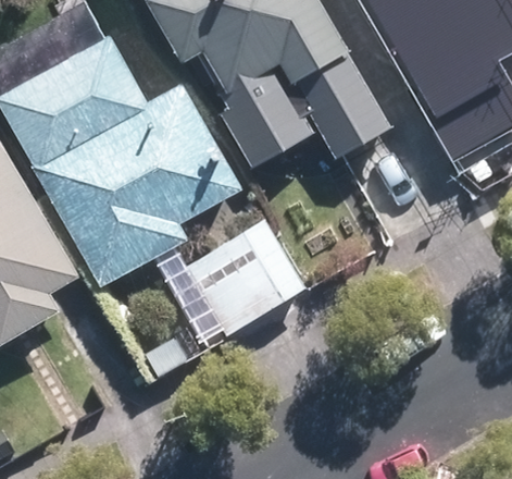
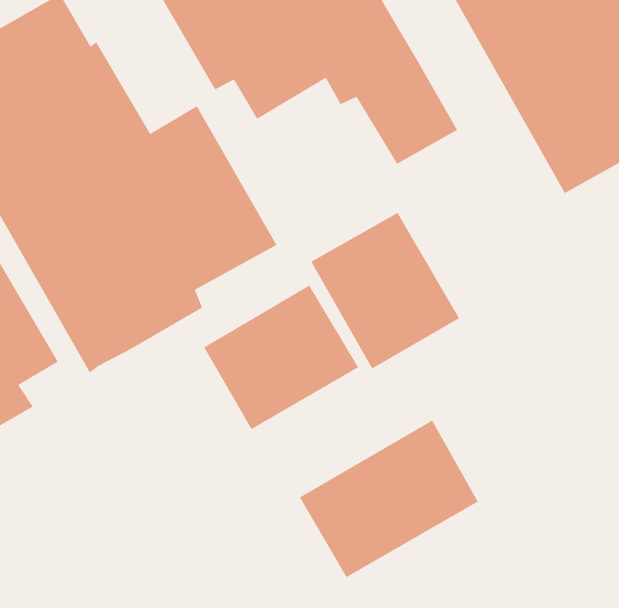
building: none -> [310,212,460,370]
building: none -> [299,420,479,578]

